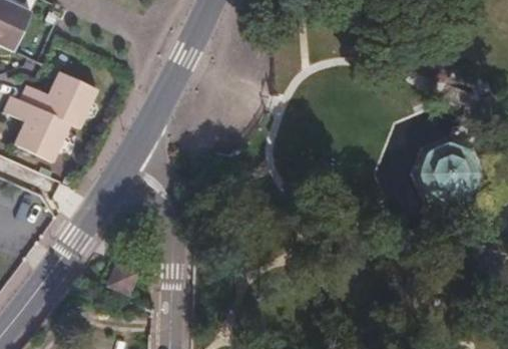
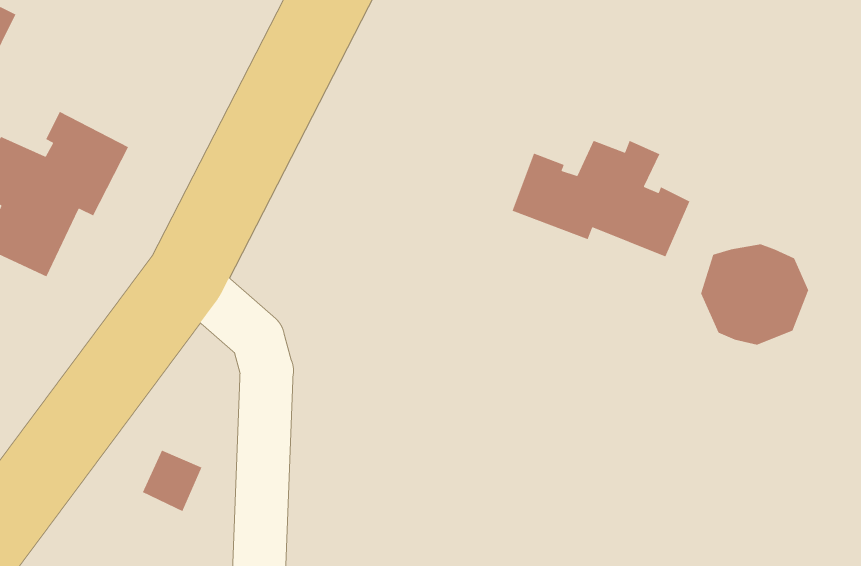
building: none -> [512,140,690,257]

